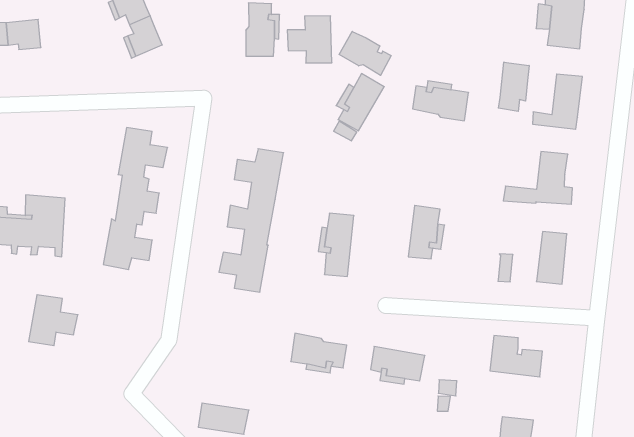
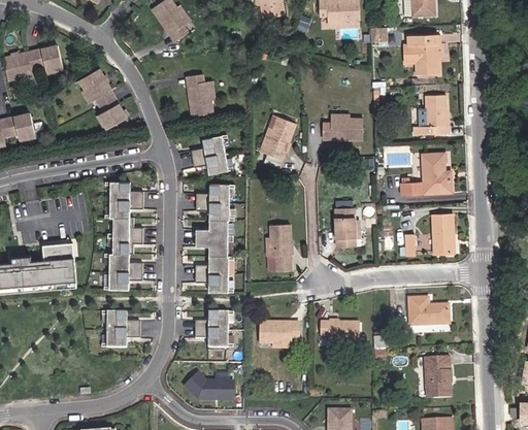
building: [287,16,332,63] -> [191,135,228,173]
building: [339,31,391,75] -> none
building: [498,62,529,111] -> none
building: [29,295,78,346] -> [105,310,139,346]
building: none -> [195,311,228,348]

